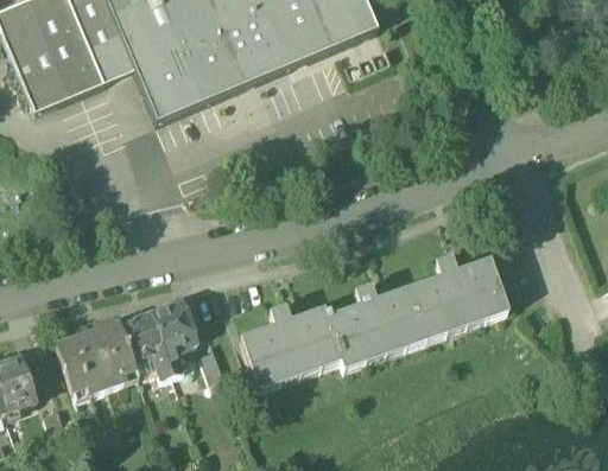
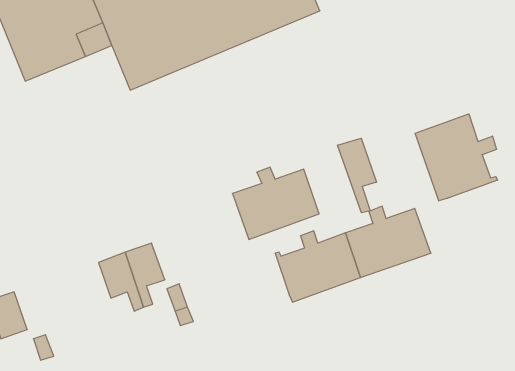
building: none -> [415,114,498,201]
building: none -> [338,138,377,213]
building: [242,303,343,387] -> [232,167,319,239]
building: [57,319,138,389] -> none

